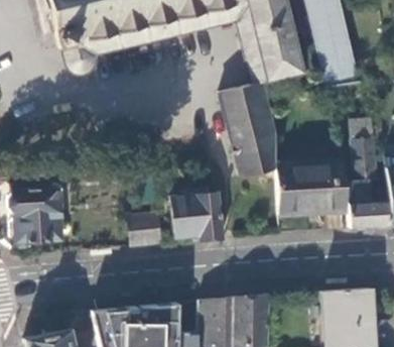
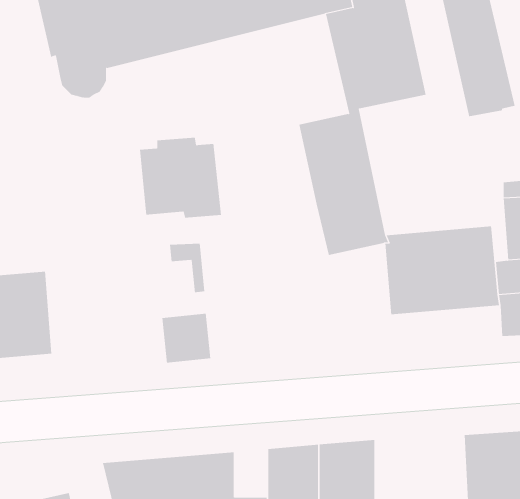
building: [171,188,225,240] -> [139,137,222,218]

